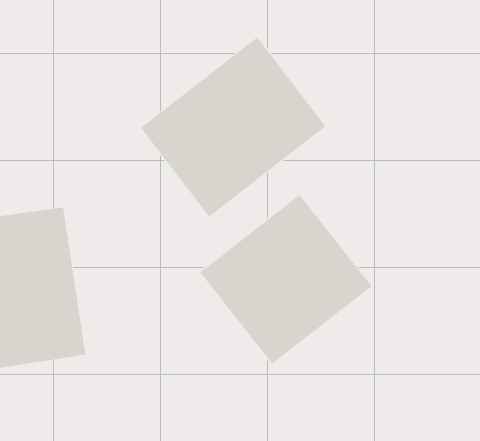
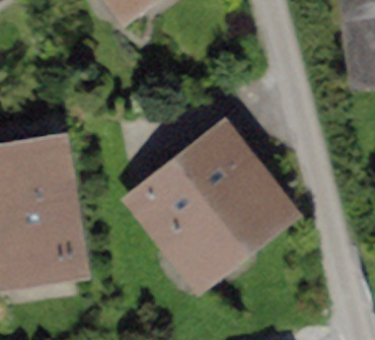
building: [140,37,326,218] -> none

